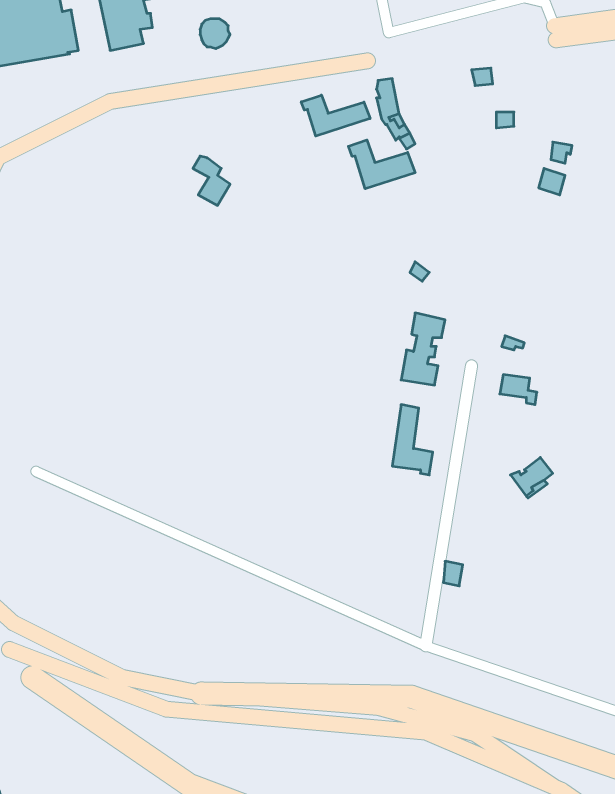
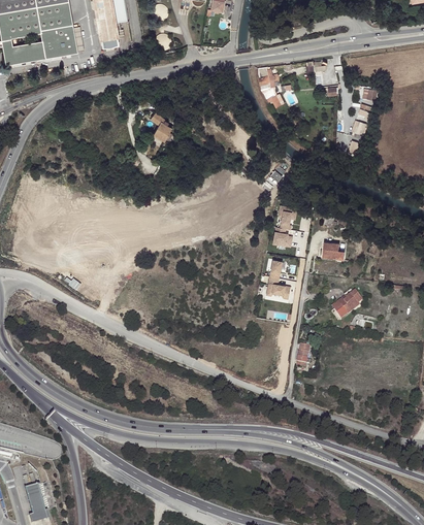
building: [301,95,370,136] -> none
building: [348,140,415,189] -> none

